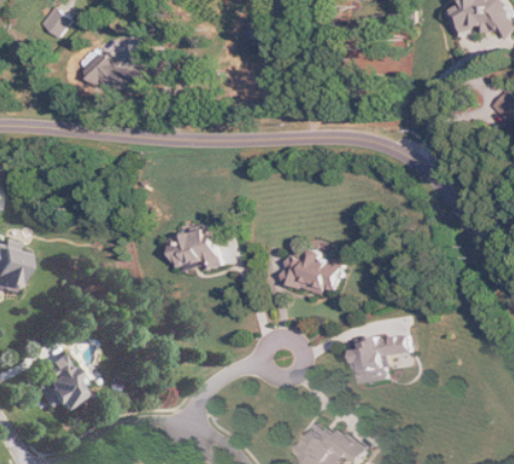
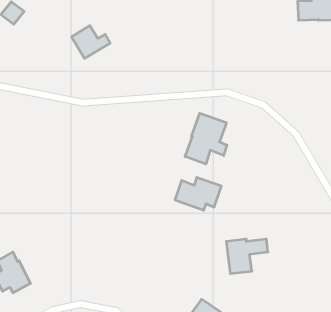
building: [81,51,135,97] -> [72,26,110,58]
building: none -> [185,113,227,164]
building: [168,226,221,270] -> none

